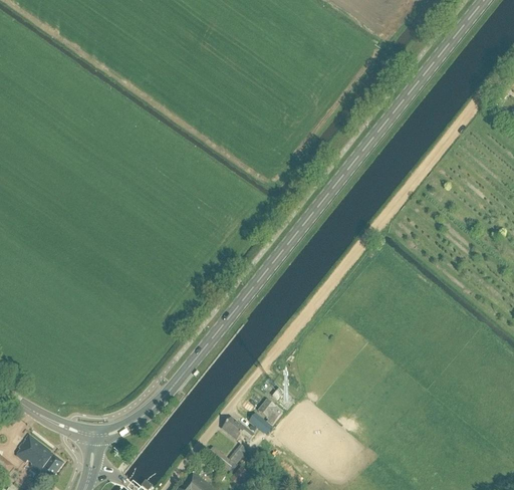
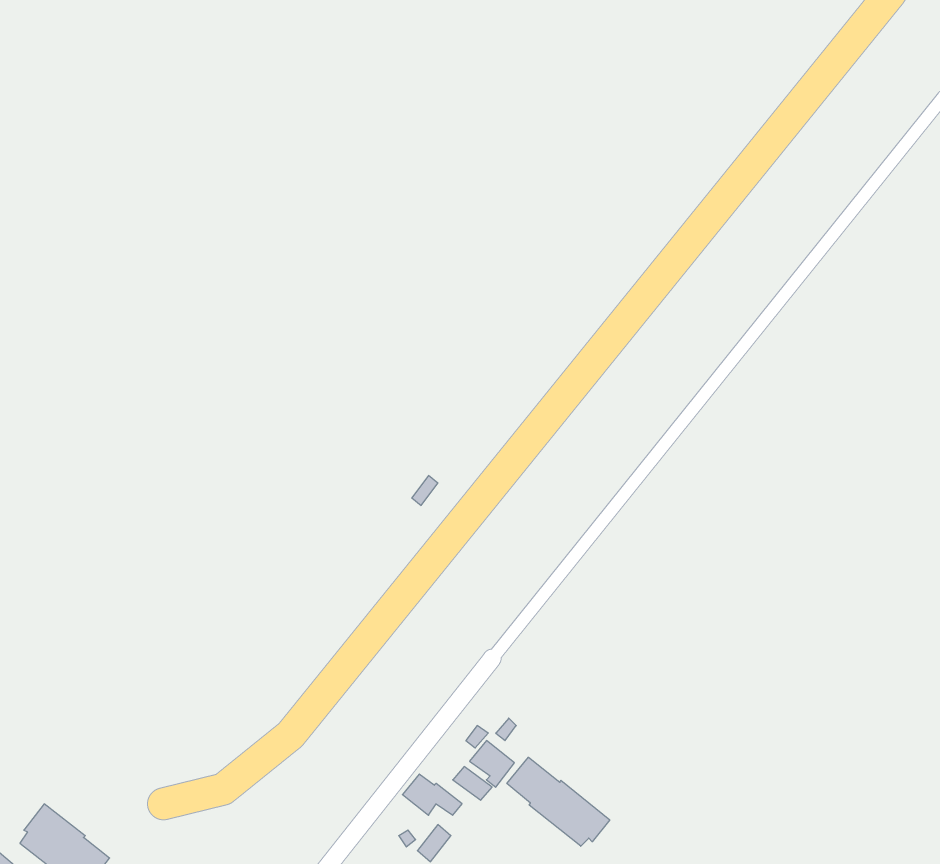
building: none -> [507,757,610,846]

